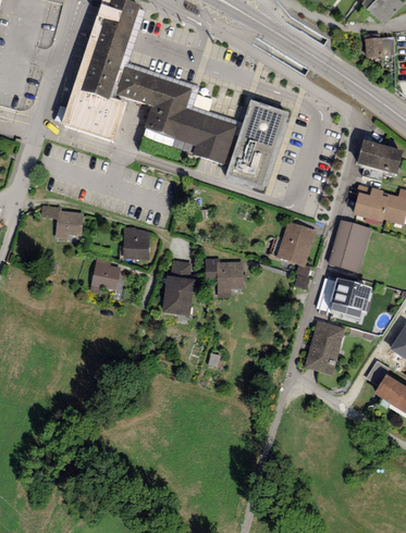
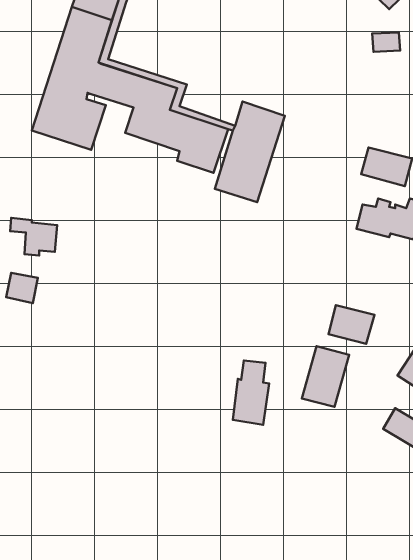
building: [328,219,372,273] -> none
building: [276,222,317,268] -> none
building: [124,226,149,258] -> none
building: [205,257,247,297] -> none
building: [162,259,195,317] -> [233,361,269,425]
building: [93,264,121,292] -> [6,273,38,303]

